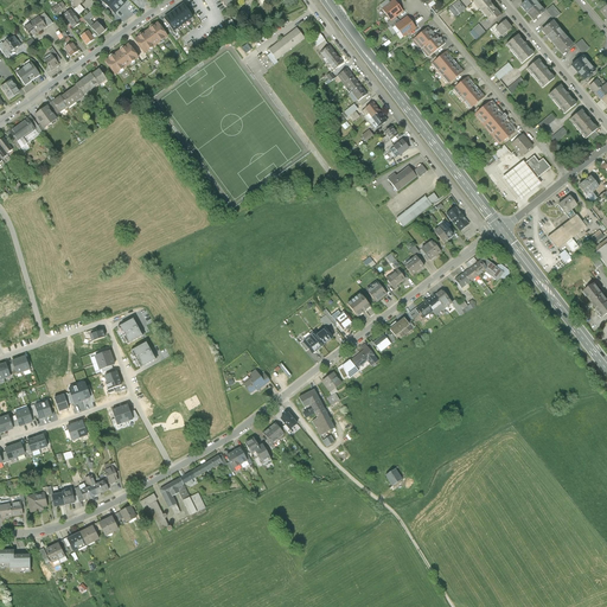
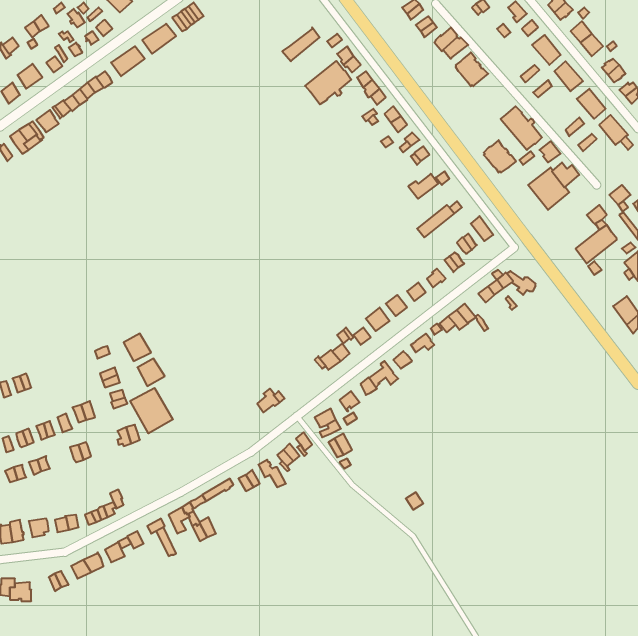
building: none -> [305,61,351,104]
building: [454,76,485,107] -> [484,140,516,173]
building: none -> [130,388,173,433]

